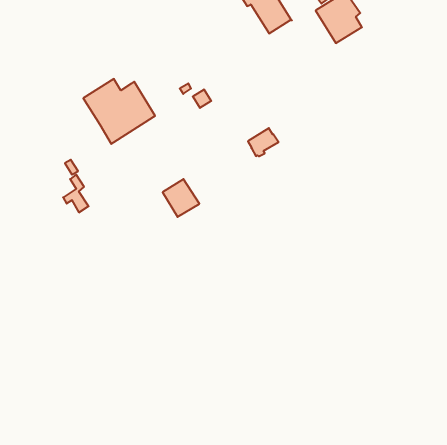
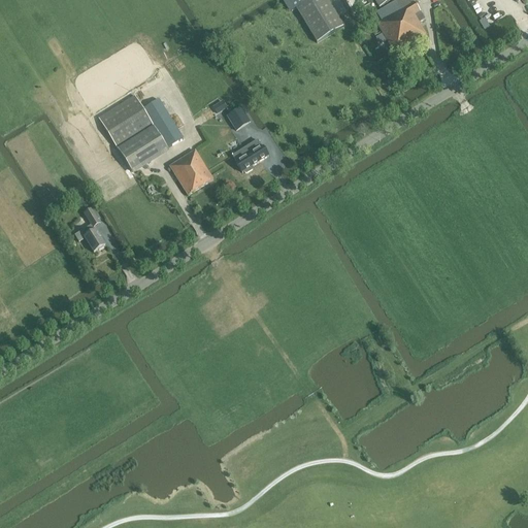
building: [248,128,279,156] -> [232,136,268,169]
building: [163,179,199,217] -> [169,147,212,192]

